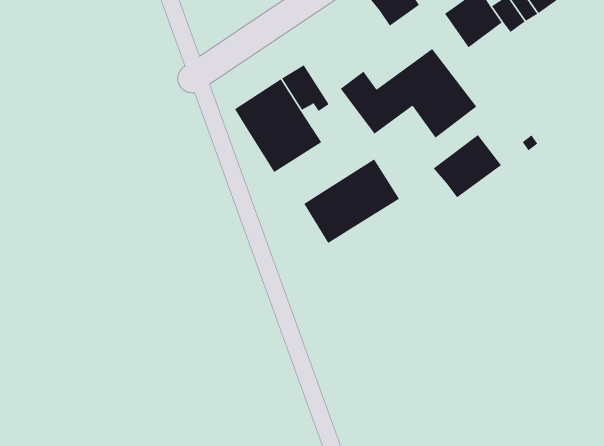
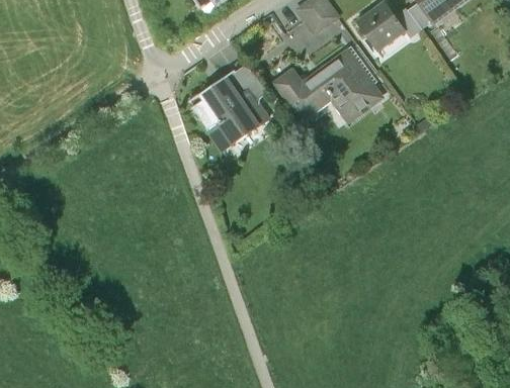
building: [433,134,502,198] -> none
building: [303,158,400,244] -> none

